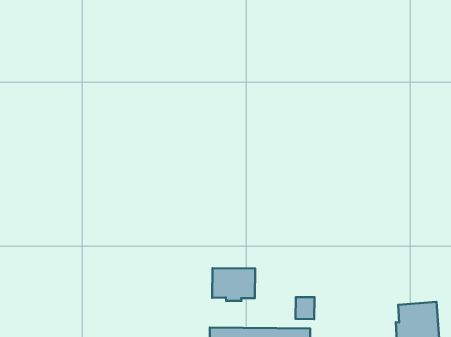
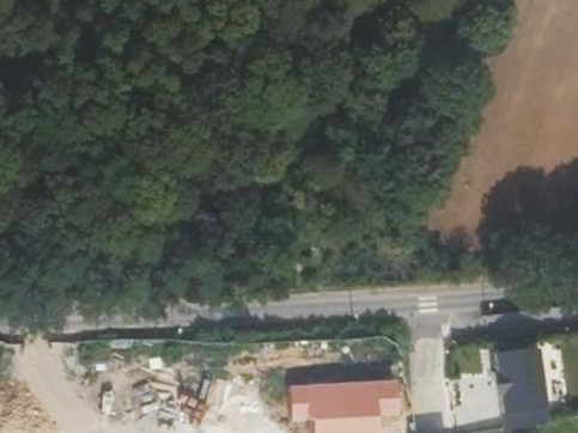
building: [212,268,255,301] -> none

